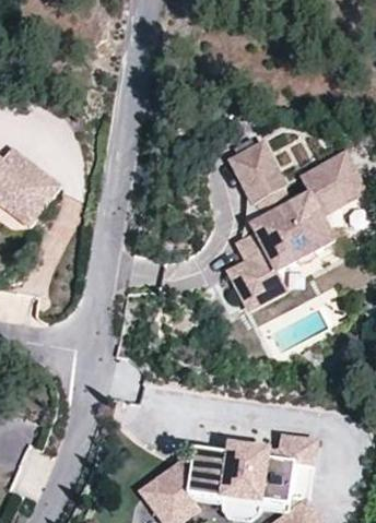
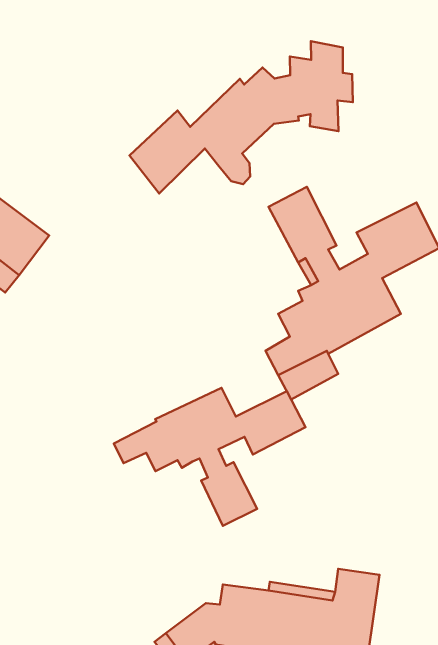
building: none -> [130,41,353,194]
building: none -> [114,388,305,526]

